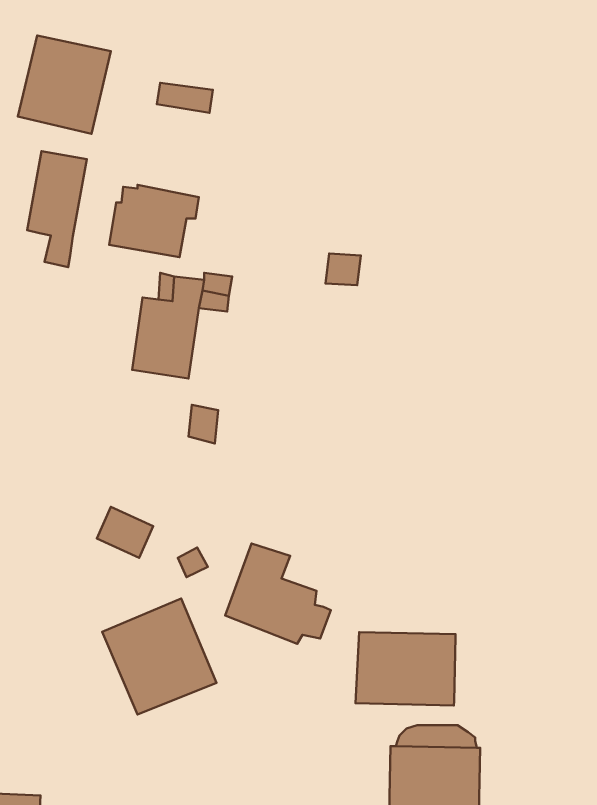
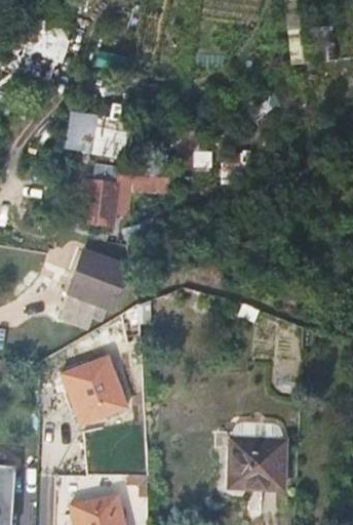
building: [27,151,87,267] -> none
building: [225,543,331,644] -> [68,249,129,308]
building: [355,632,456,705] -> none

